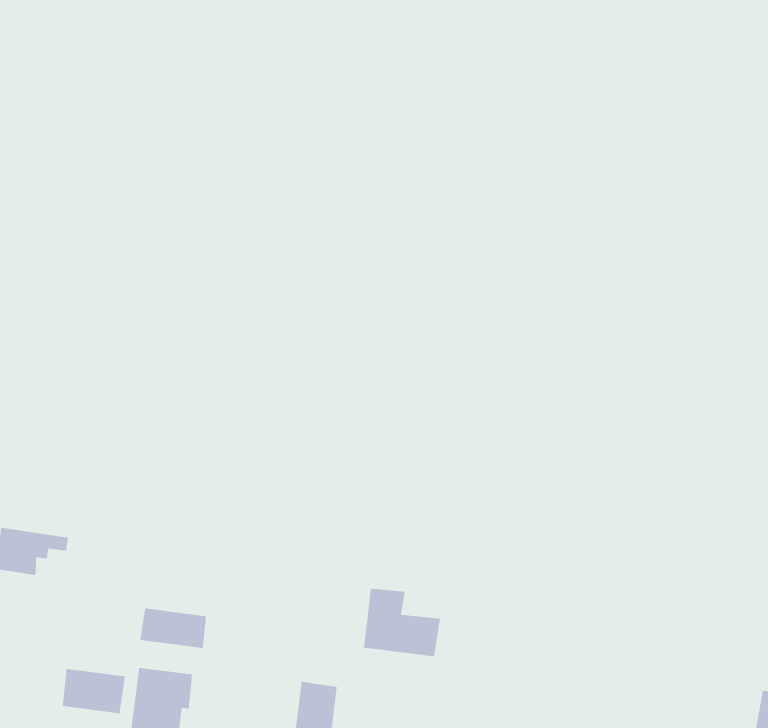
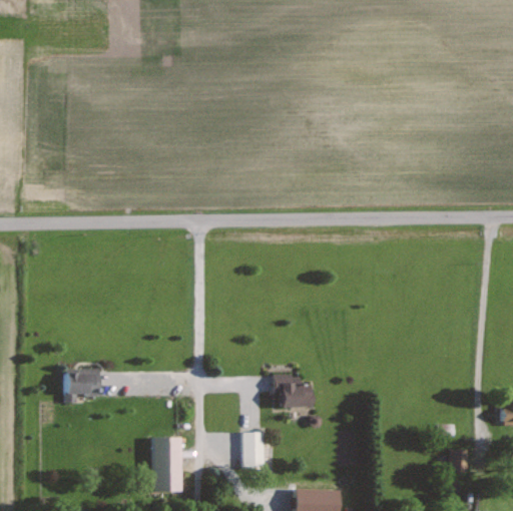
building: [140,608,206,649] -> none
building: [62,668,125,714] -> none

